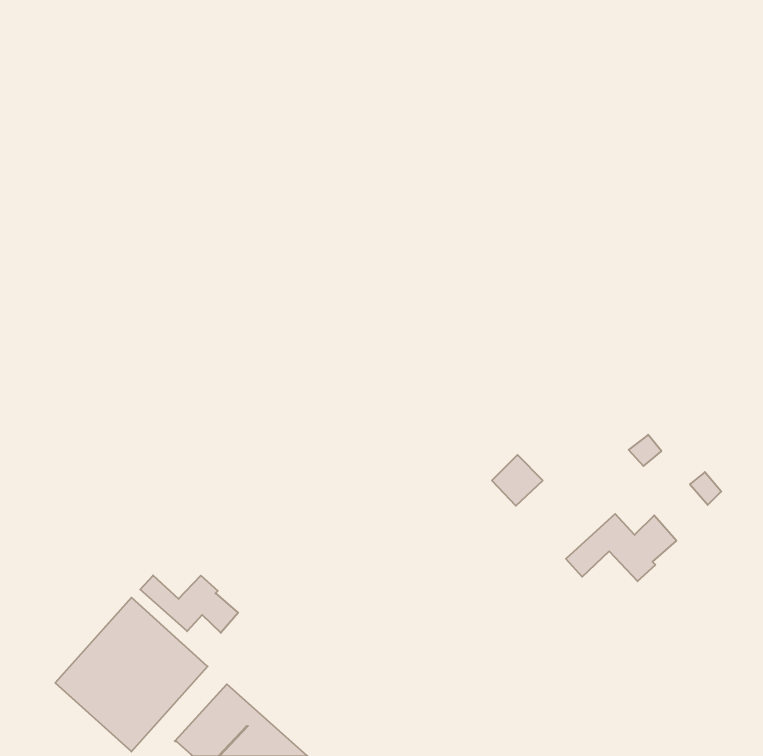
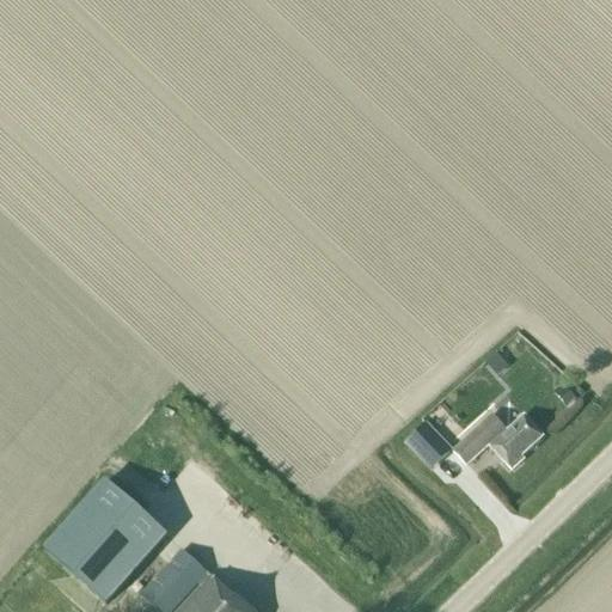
building: [492,455,543,506] -> [404,420,445,460]
building: [140,575,238,633] -> none

